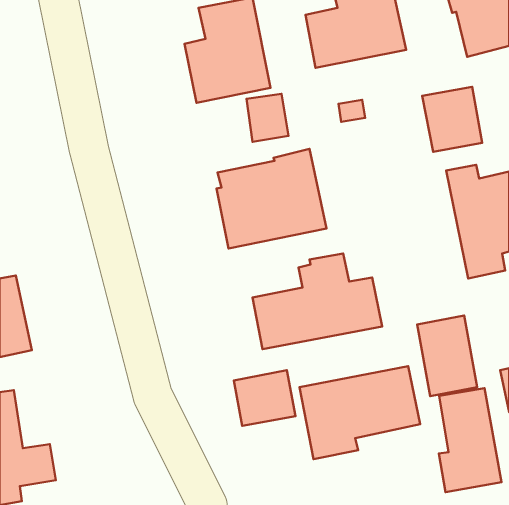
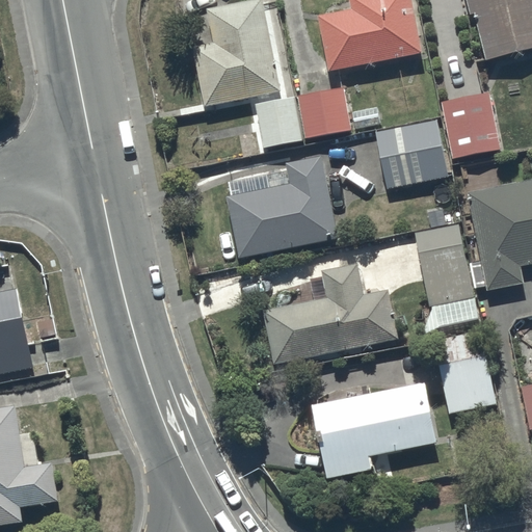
building: none -> [298,88,350,137]
building: none -> [374,117,450,189]
building: none -> [415,222,481,332]
building: [234,370,296,426] -> none
building: [439,388,501,492] -> none

